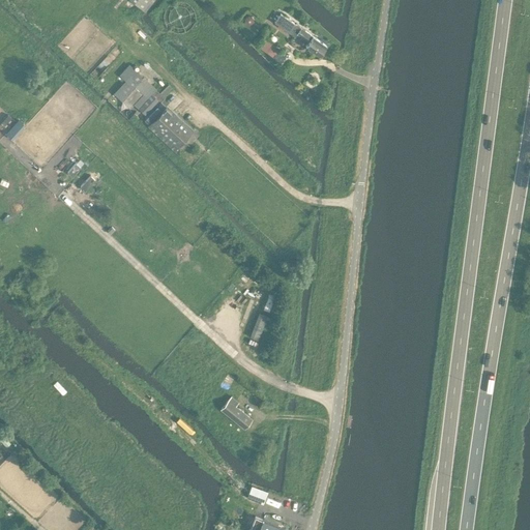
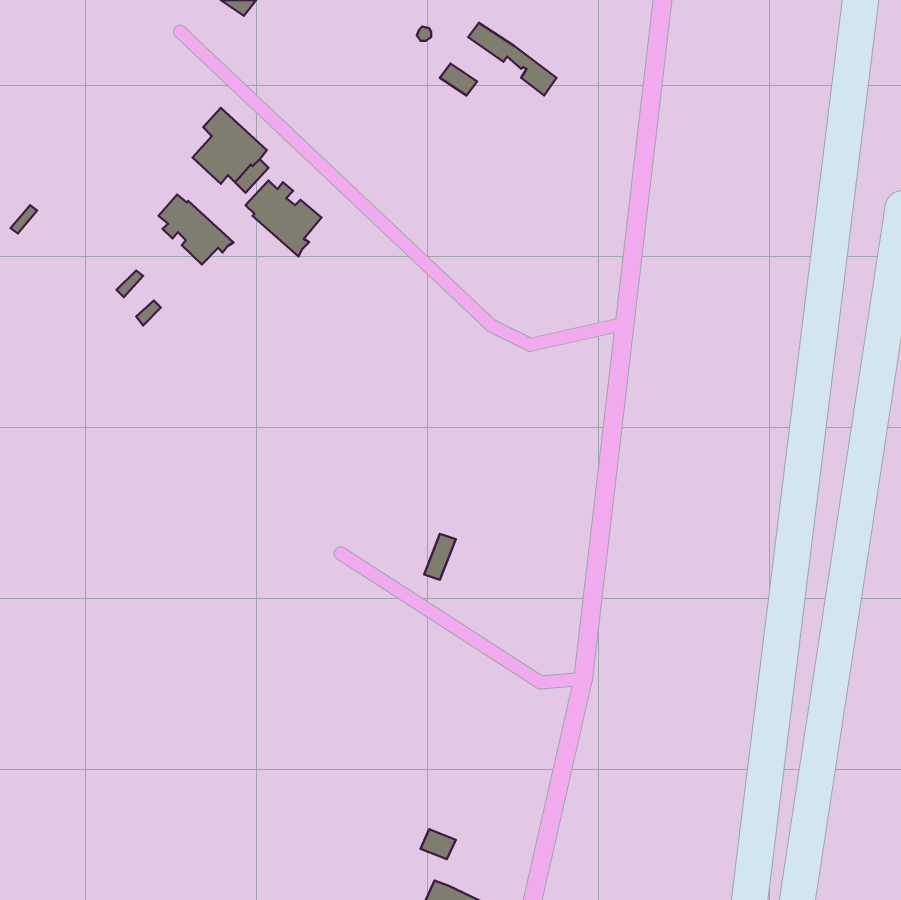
building: none -> [158,194,234,264]
building: [222,399,253,430] -> none

